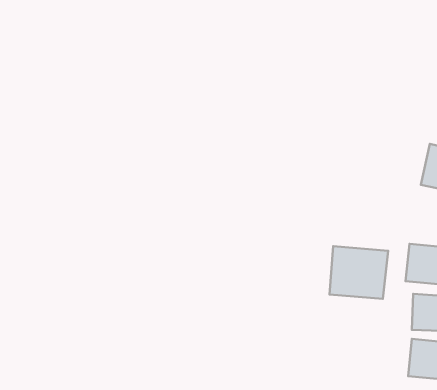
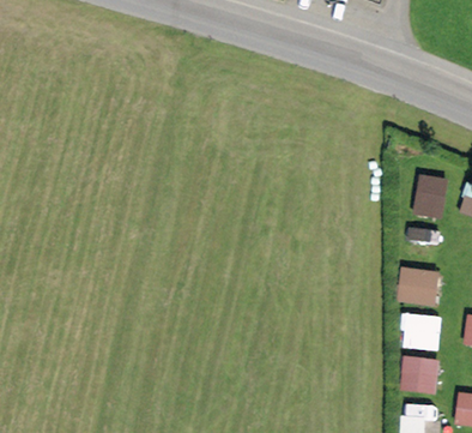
building: [329,246,388,299] -> none

